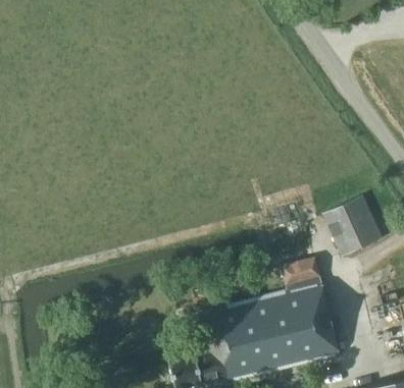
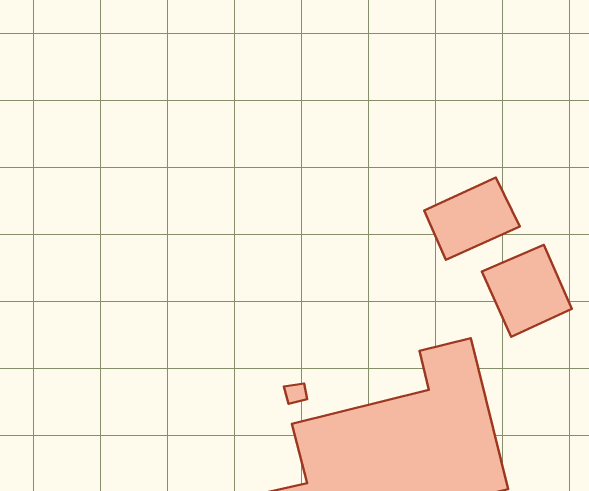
building: none -> [424,178,520,260]

